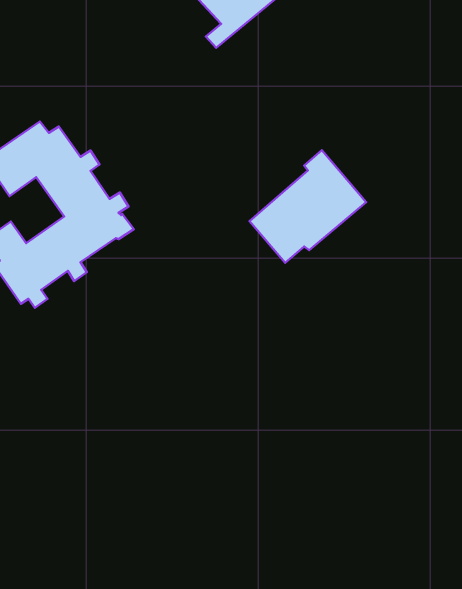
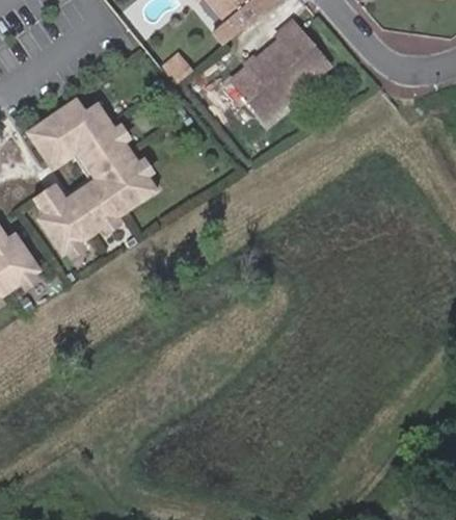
building: [250,150,366,263] -> [234,20,329,112]

